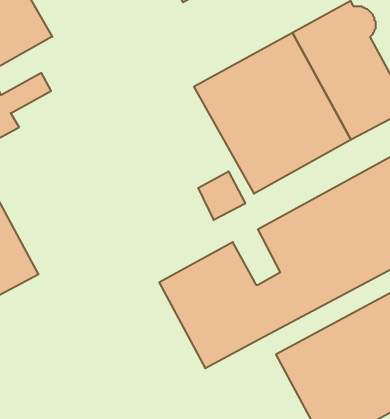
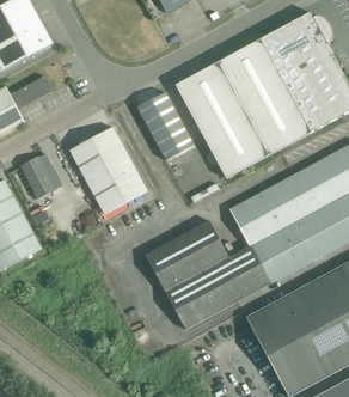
building: none -> [136,91,194,159]
building: none -> [69,127,146,214]
building: none -> [19,157,55,198]

